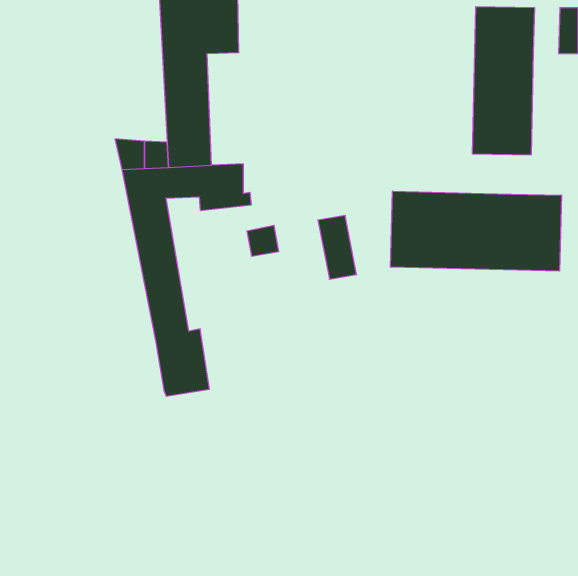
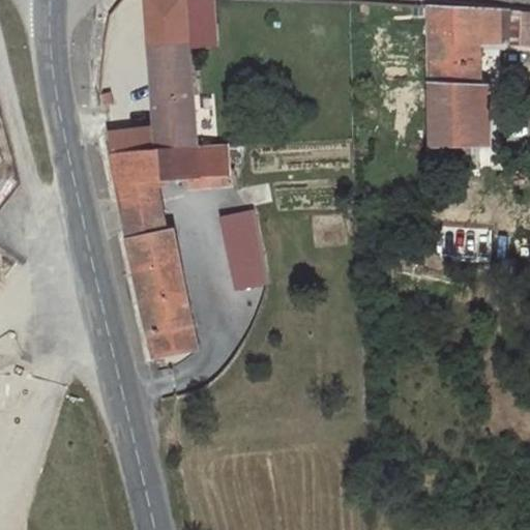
building: none -> [485,7,509,49]
building: [391,191,562,271] -> none
building: [318,215,357,279] -> [229,229,264,287]

